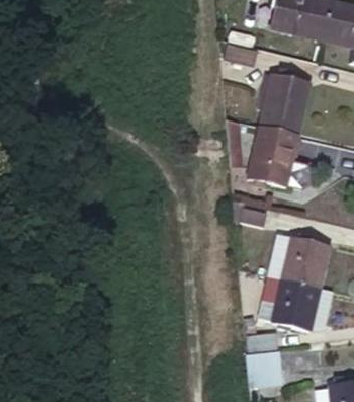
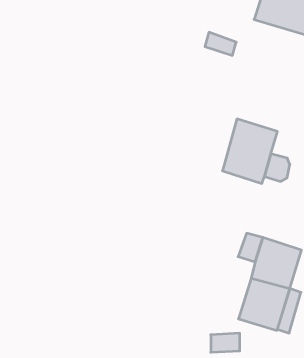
building: [258,74,311,135] -> none

